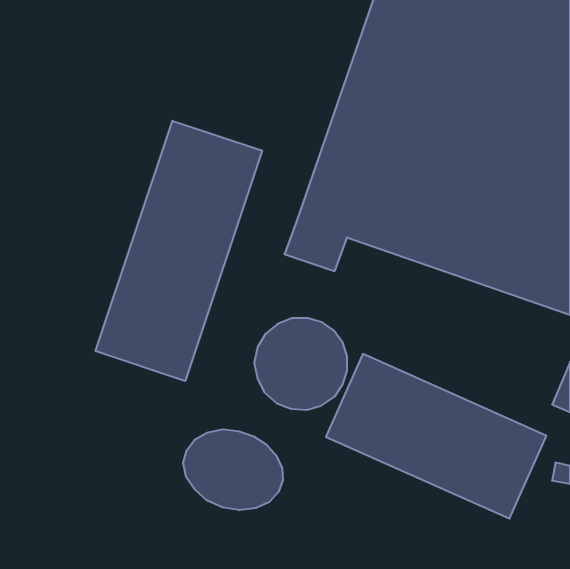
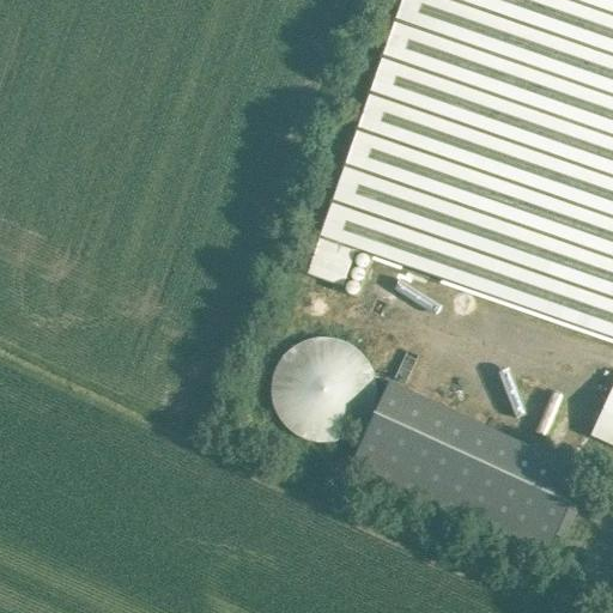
building: [96,121,262,381] -> none
building: [183,429,283,510] -> none

